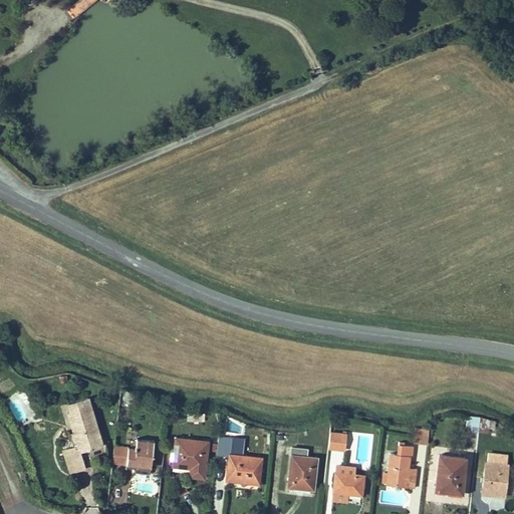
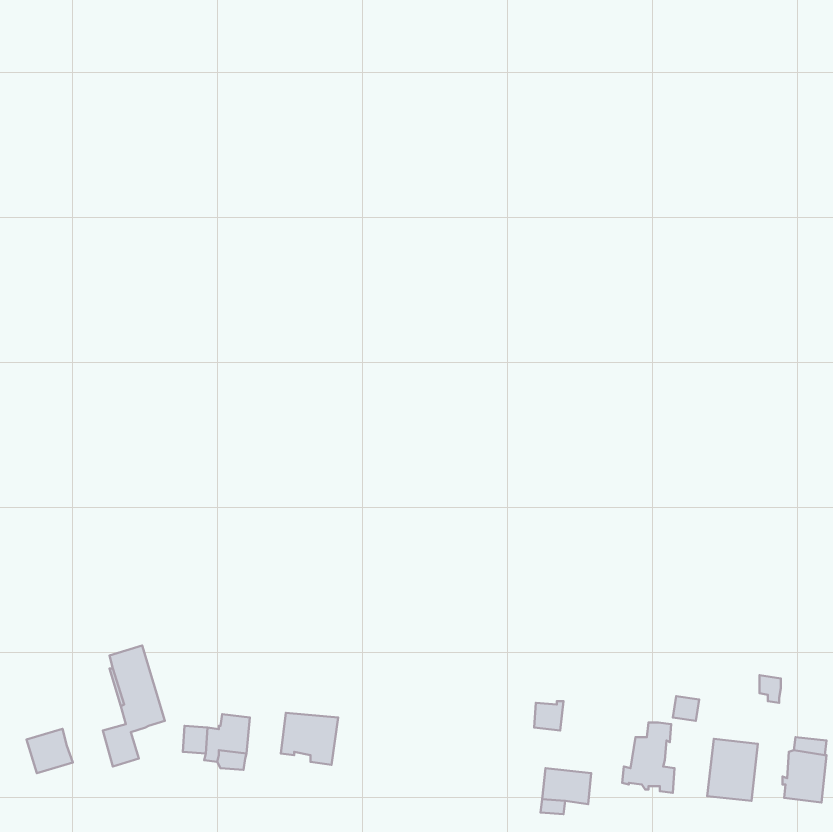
building: [217,437,262,484] -> none
building: [288,449,318,491] -> none
building: none -> [27,729,73,773]

